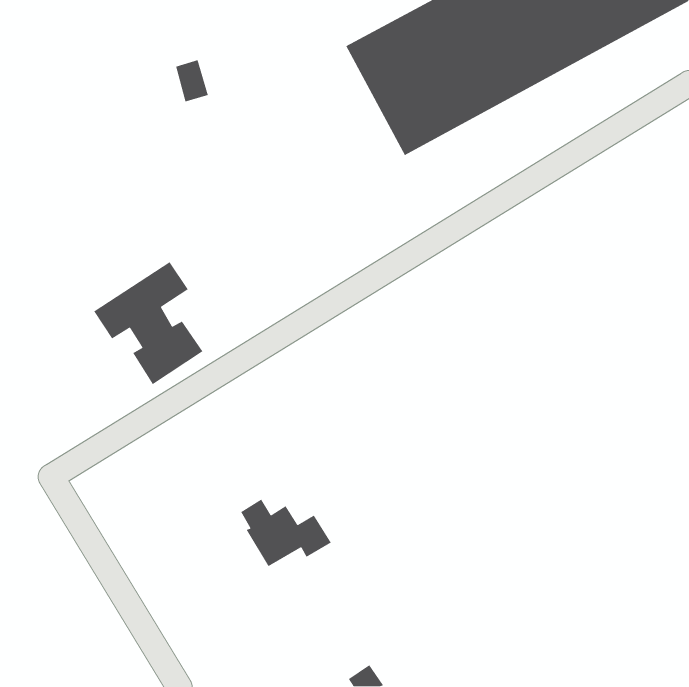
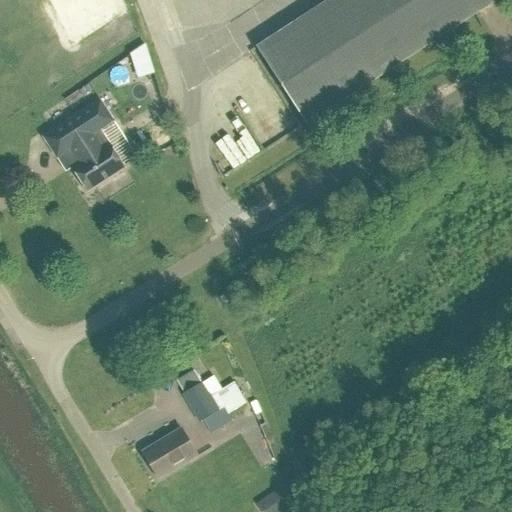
building: [93,261,204,385] -> [43,100,125,192]
building: none -> [143,428,198,479]

